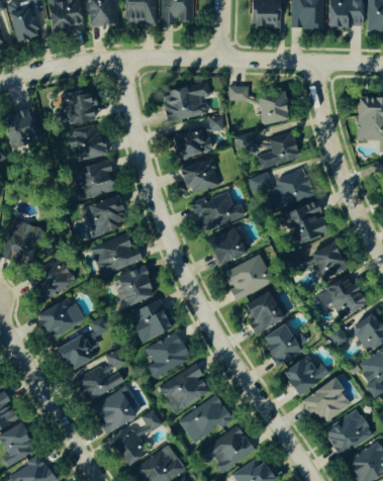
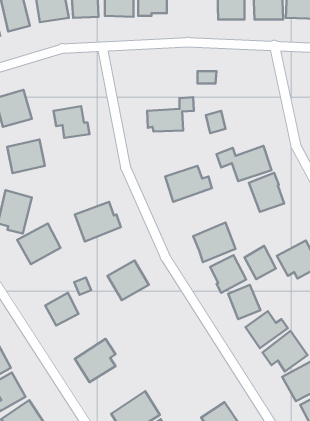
building: [161,83,211,121] -> none
building: [56,87,97,125] -> none
building: [258,91,289,124] -> none
building: [261,132,299,168] -> none
building: [180,160,219,192] -> none
building: [72,162,114,199] -> [7,140,45,173]
building: [83,195,127,235] -> none
building: [207,227,247,266] -> none
building: [310,242,346,279] -> [244,246,276,279]
building: [113,266,157,307] -> none
building: [35,297,84,333] -> none
building: [147,331,192,380] -> none
building: [75,350,124,401] -> none
building: [159,365,211,413] -> none
building: [179,394,234,444] -> none
building: [199,425,256,473] -> none
building: [112,429,148,467] -> none

